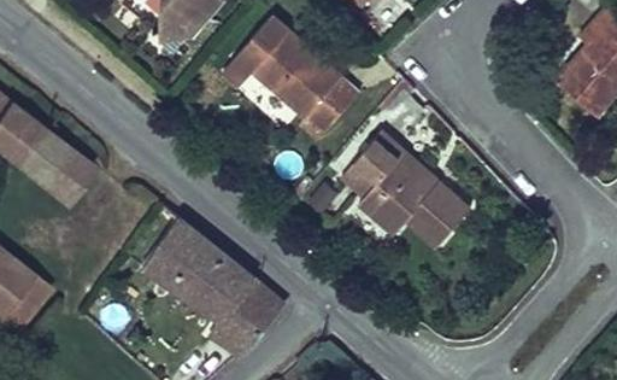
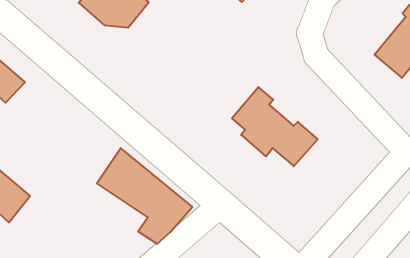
building: [222,18,358,134] -> none
building: [13,122,92,193] -> none

